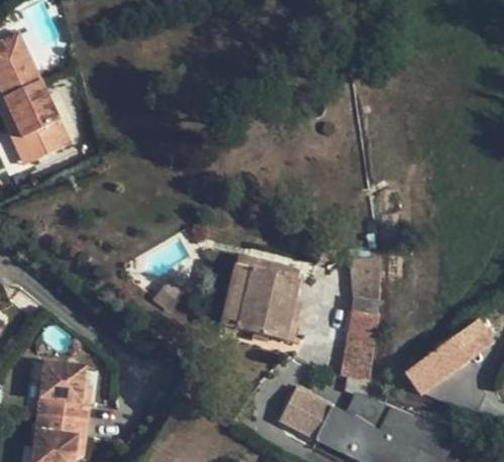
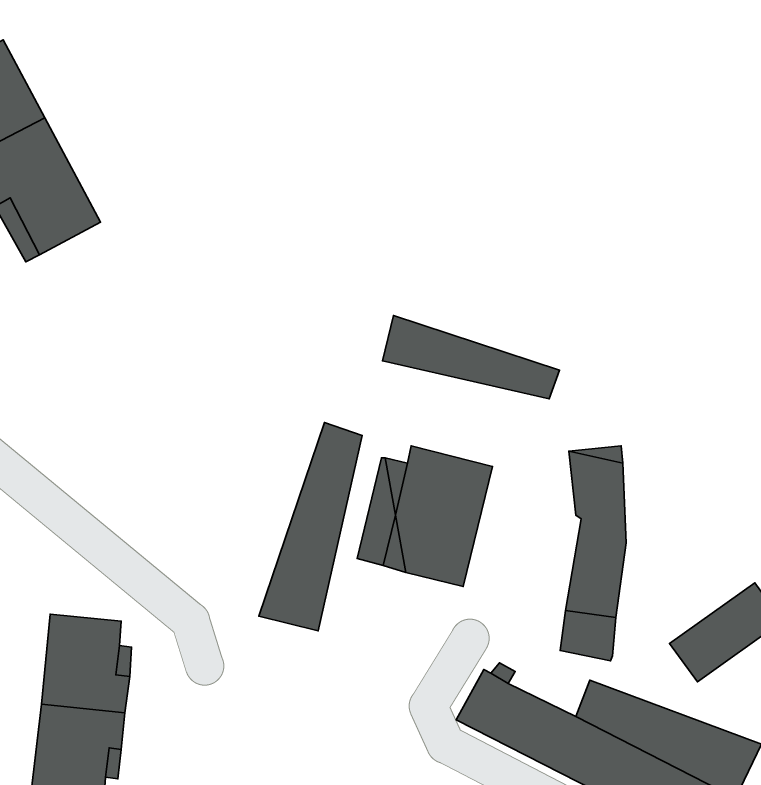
building: none -> [382,316,560,399]
building: none -> [259,422,362,631]

